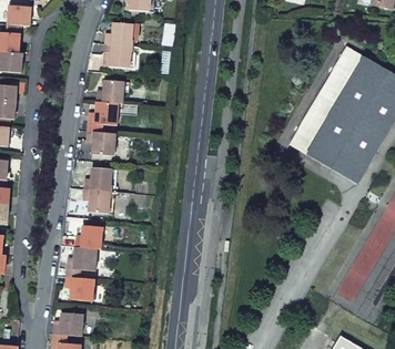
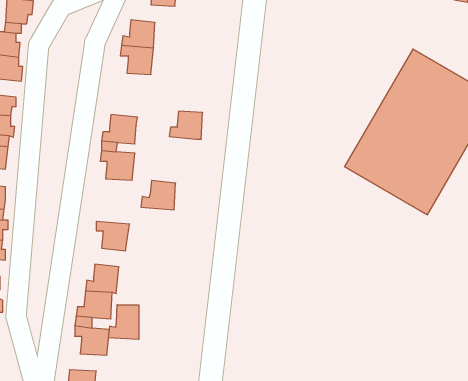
building: [95,80,123,103] -> [169,111,203,139]
building: [83,167,112,192] -> [141,180,176,210]
building: none -> [109,305,139,339]

